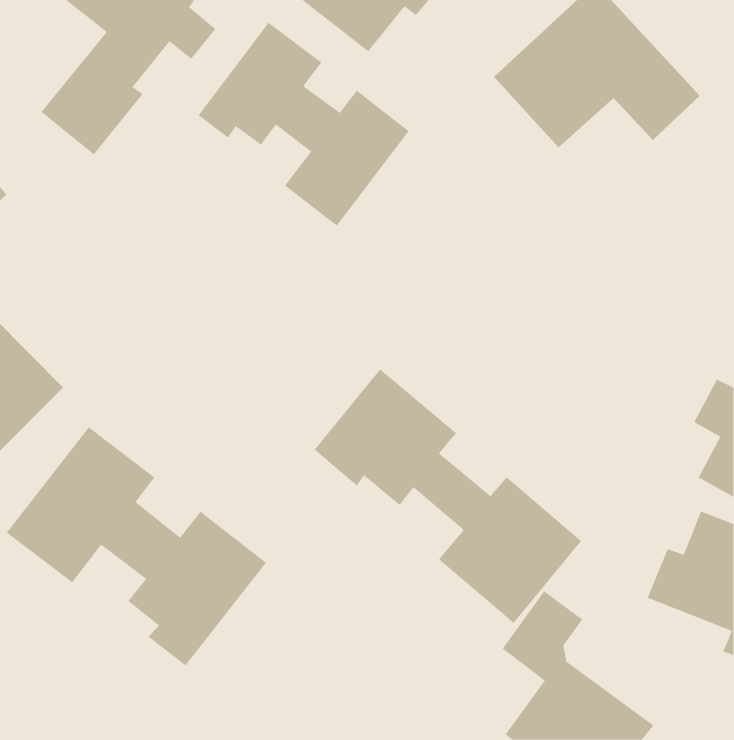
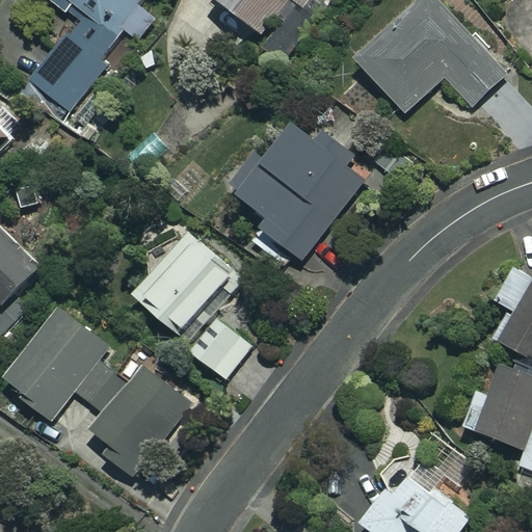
building: [198,22,410,227] -> none
building: none -> [237,122,367,261]
building: none -> [133,225,252,381]
building: [314,368,582,624] -> none

